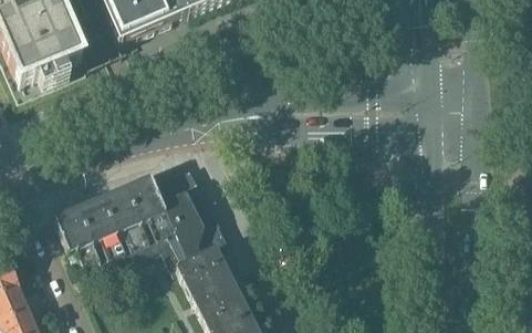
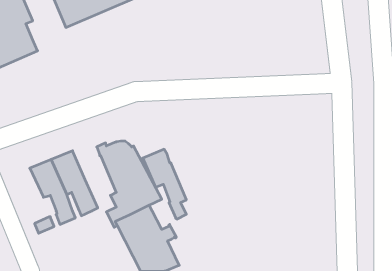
building: [127,174,177,253] -> [143,149,186,219]
building: [54,204,101,261] -> none

